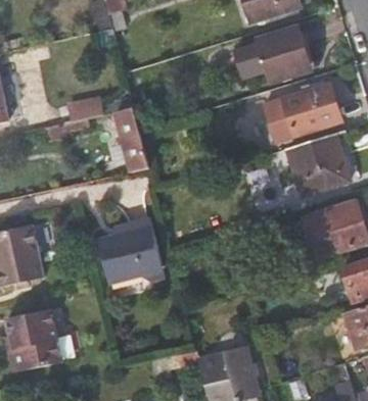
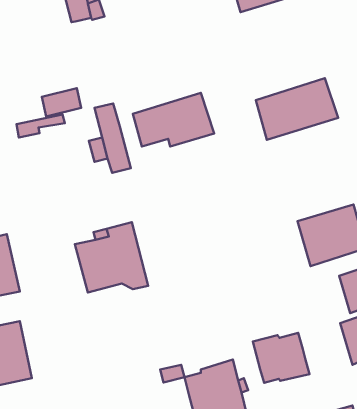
building: [233,28,309,78] -> [133,93,214,147]
building: [286,133,351,195] -> none
building: none -> [253,333,310,383]

